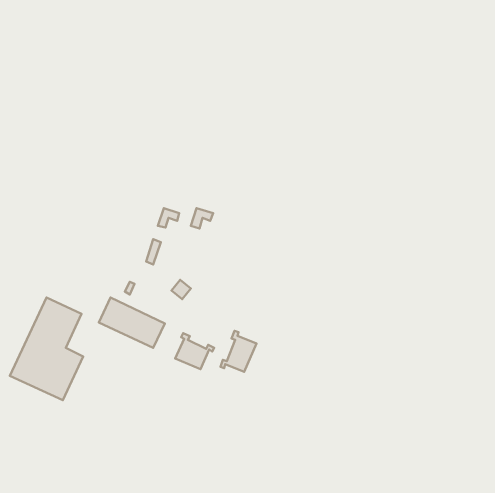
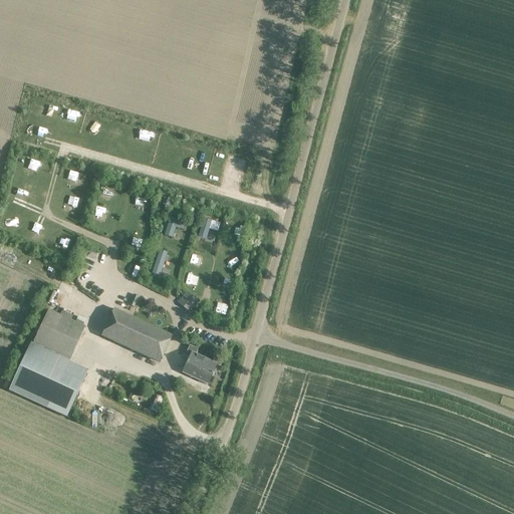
building: [220,331,256,372] -> none

